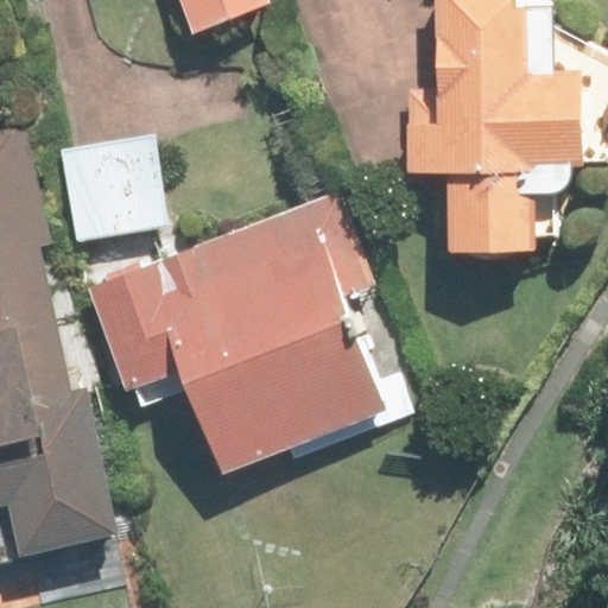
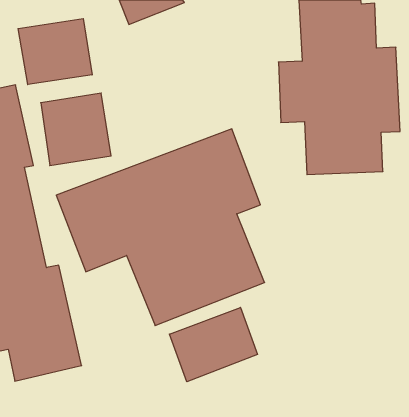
building: none -> [18,19,92,85]
building: none -> [169,307,258,382]

